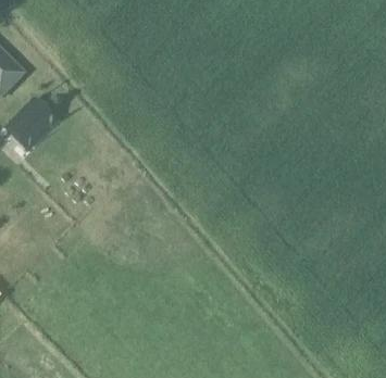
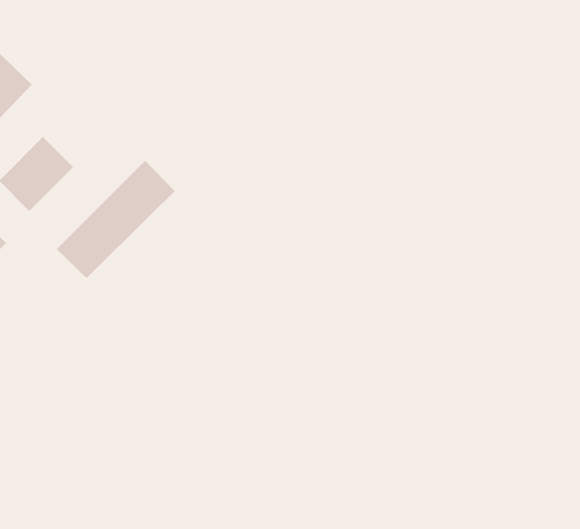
building: none -> [56,160,175,279]

